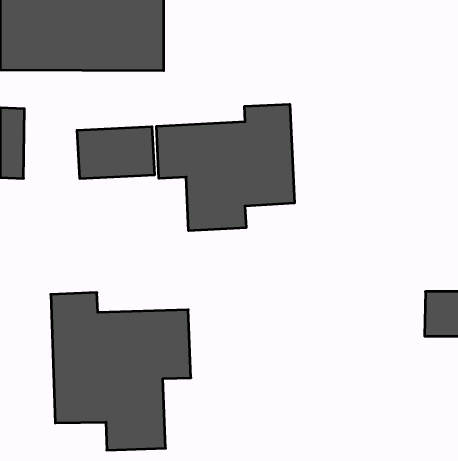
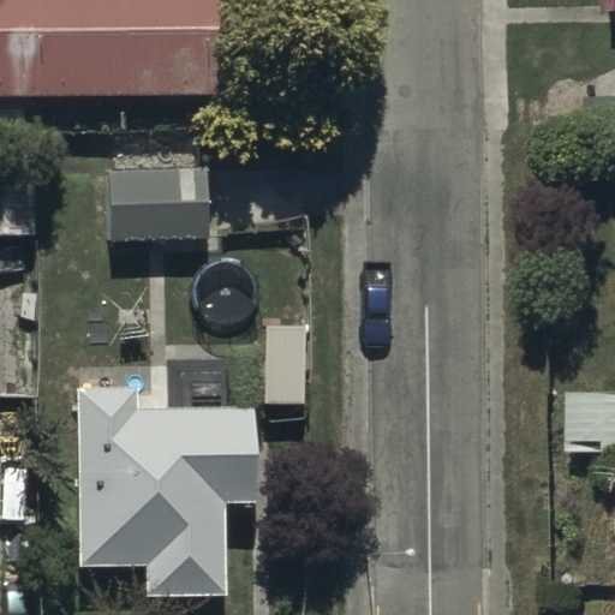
building: [157,104,294,231] -> none

